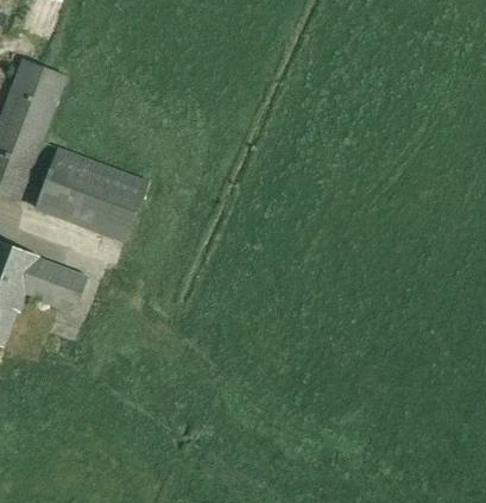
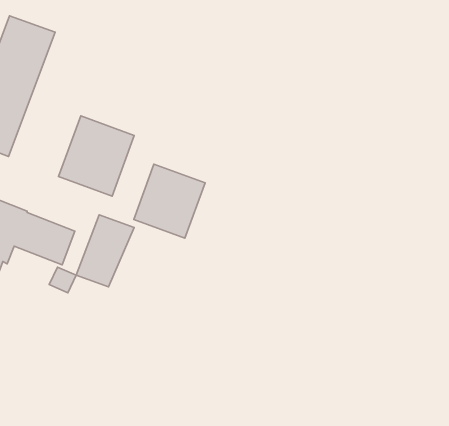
building: [34,147,94,221] -> [76,215,134,287]
building: none -> [134,164,205,238]

